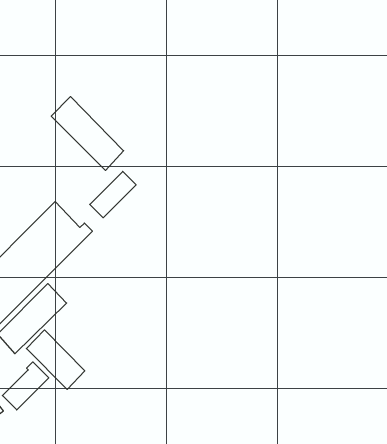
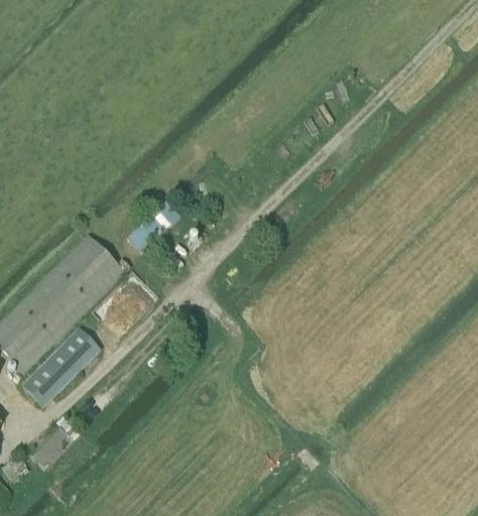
building: [51,97,124,170] -> none
building: [26,330,85,389] -> none

